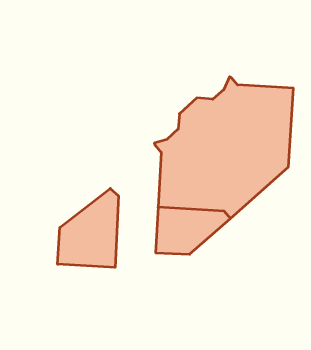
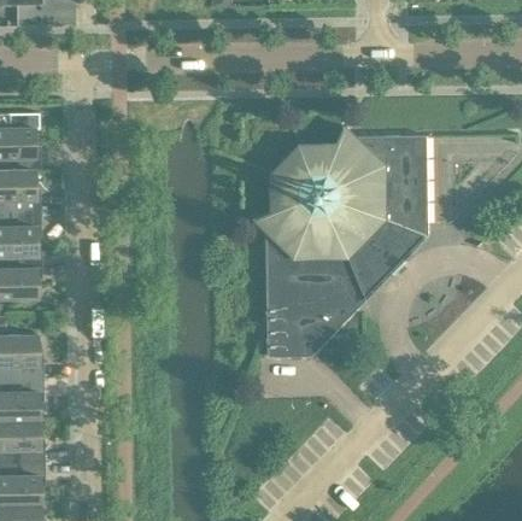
building: [58,188,118,267] -> none

